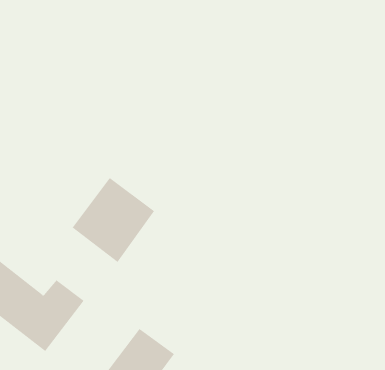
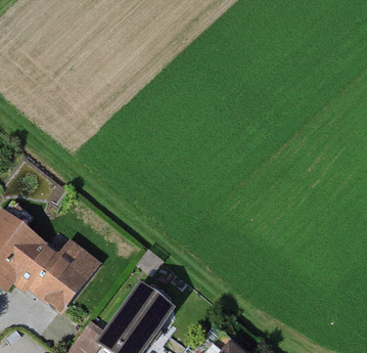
building: [72,177,155,263] -> none

